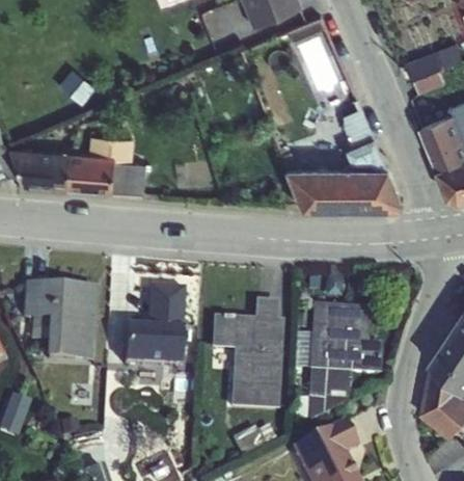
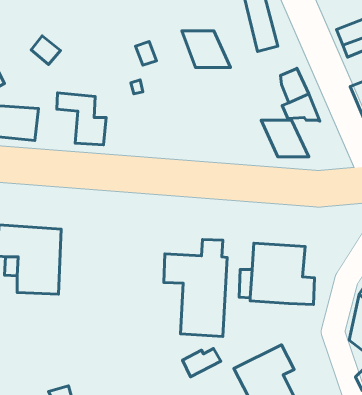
building: [65,151,114,190] -> none
building: [285,164,340,206] -> [182,31,230,67]
building: [356,164,402,206] -> none
building: [125,287,185,366] -> none
building: [295,369,353,421] -> none

